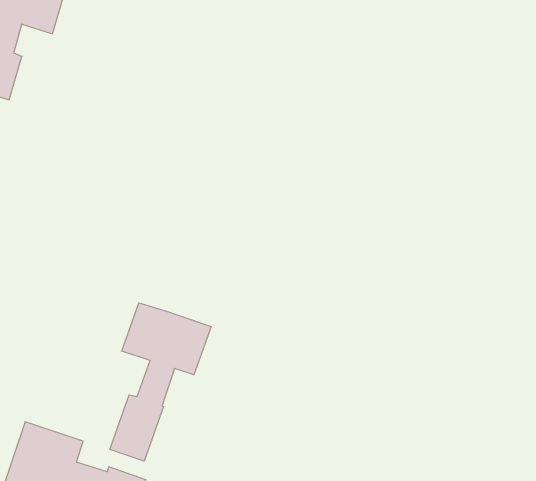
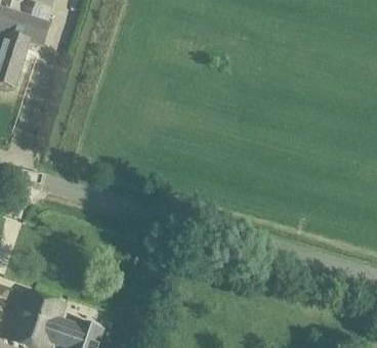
building: [110,303,211,461] -> none

